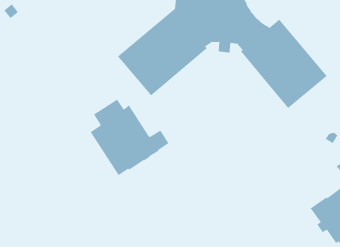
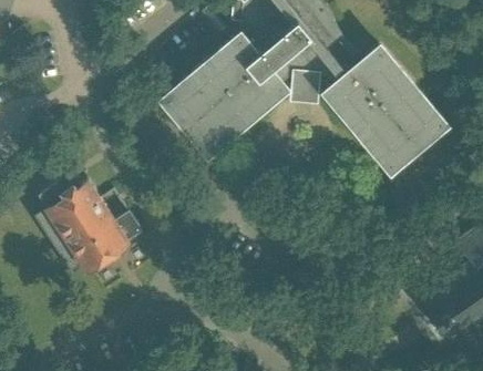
building: [90,99,169,176] -> [34,174,140,276]

